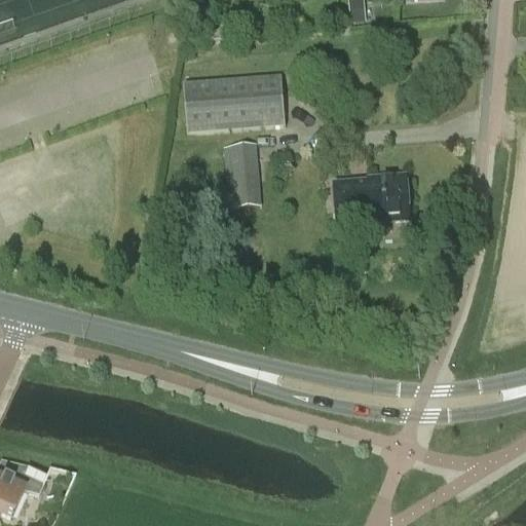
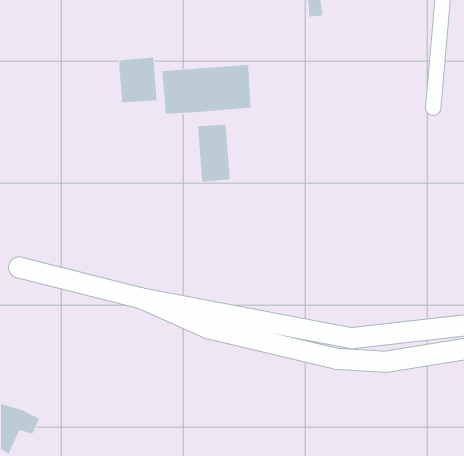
building: none -> [119,57,157,103]
building: [333,172,409,219] -> none

